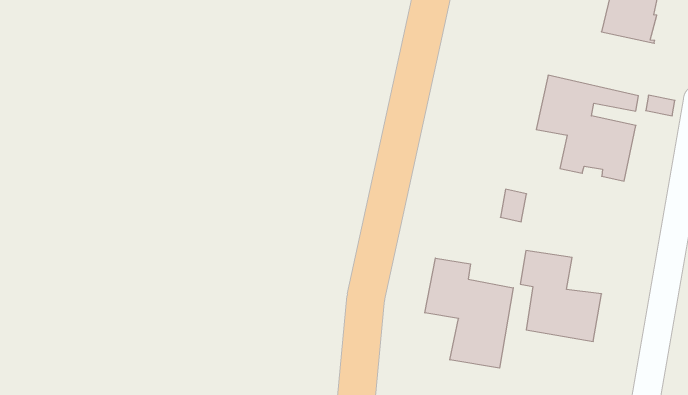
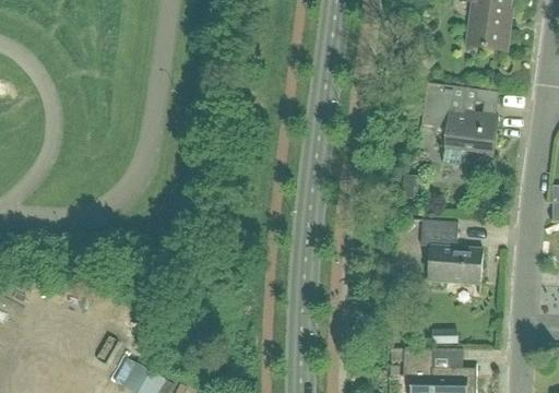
building: [425,258,513,368] -> none

